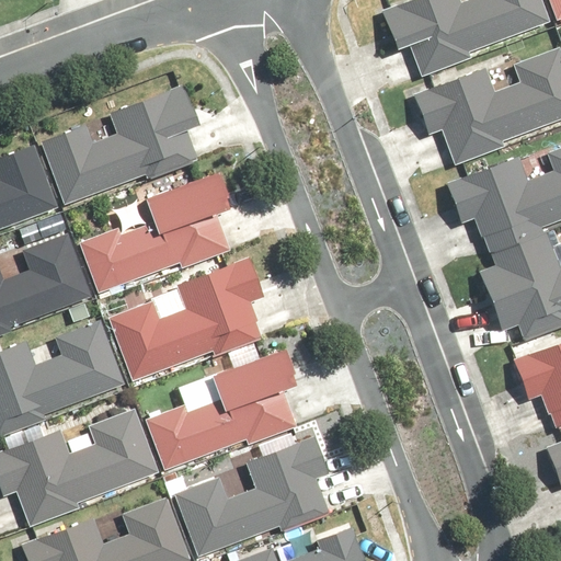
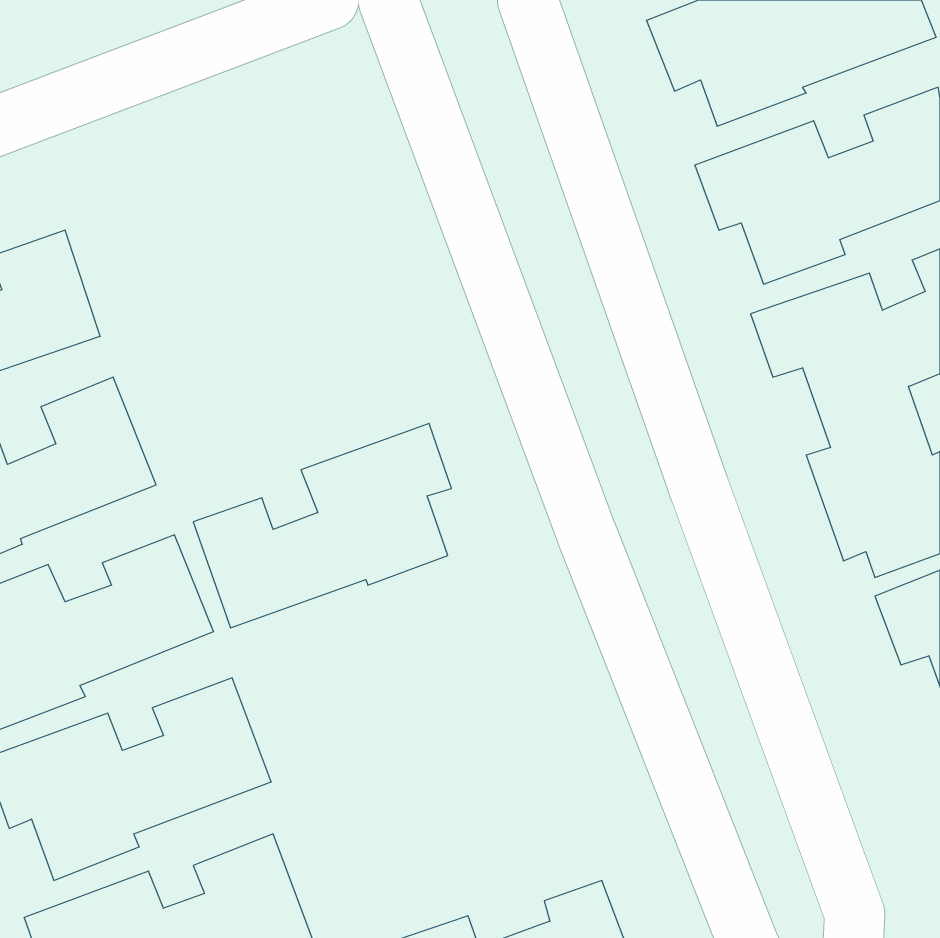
building: [44,82,203,202] -> none
building: [80,169,234,291] -> none
building: [149,351,299,465] -> none
building: [176,436,332,553] -> none

